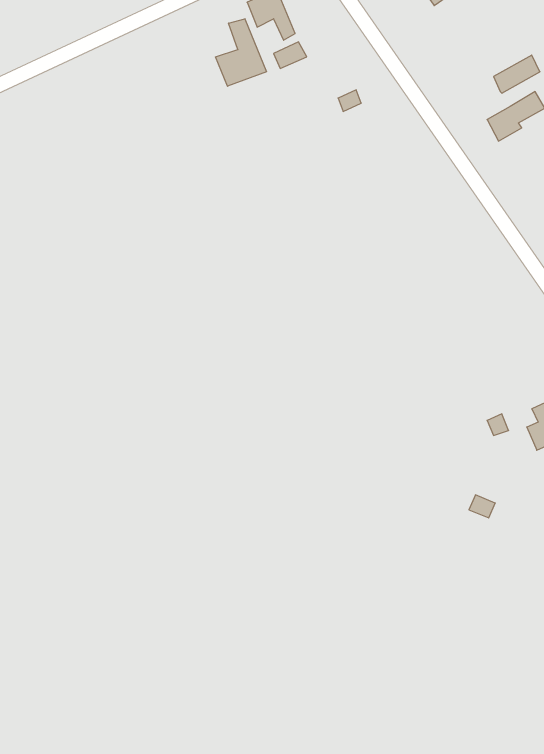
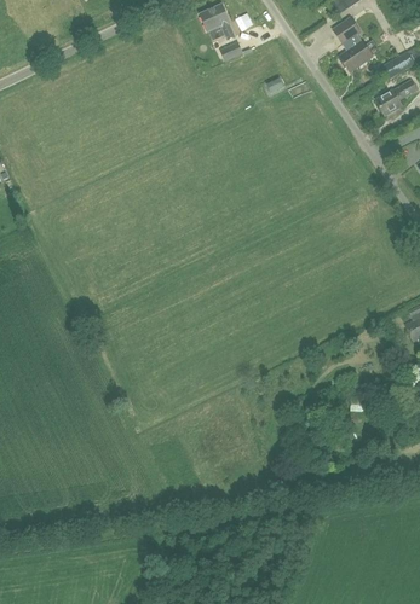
building: none -> [333,17,370,70]
building: [215,19,267,86] -> none

